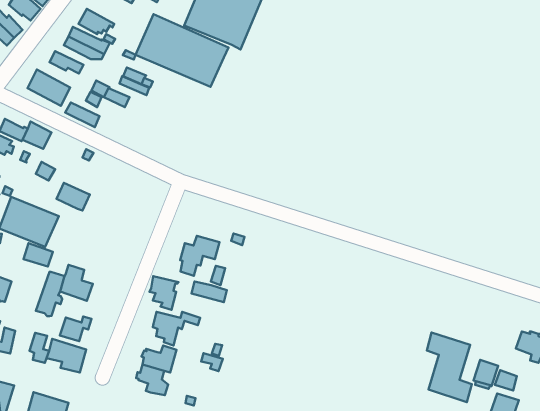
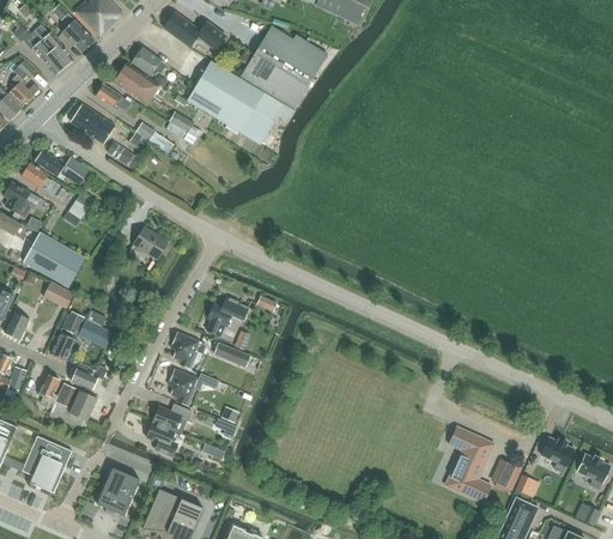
building: [57,183,90,211] -> [134,228,169,259]

